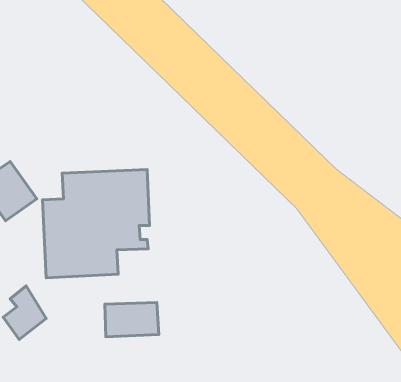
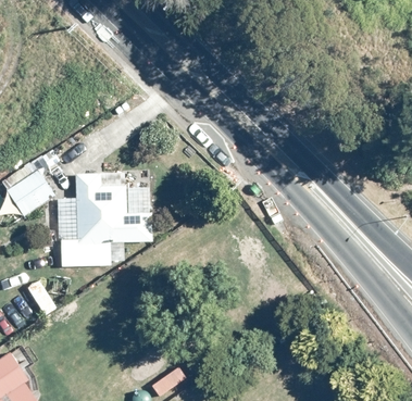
building: [105,303,159,337] -> none

